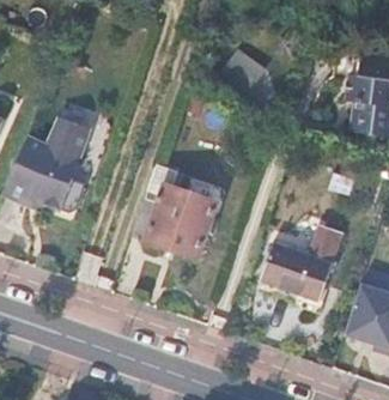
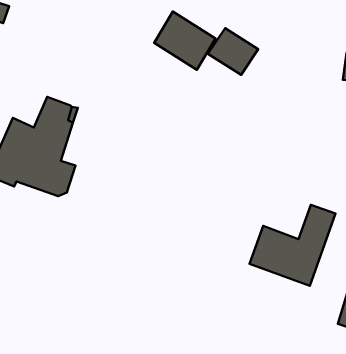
building: none -> [154,11,215,70]
building: [134,165,217,257] -> none

